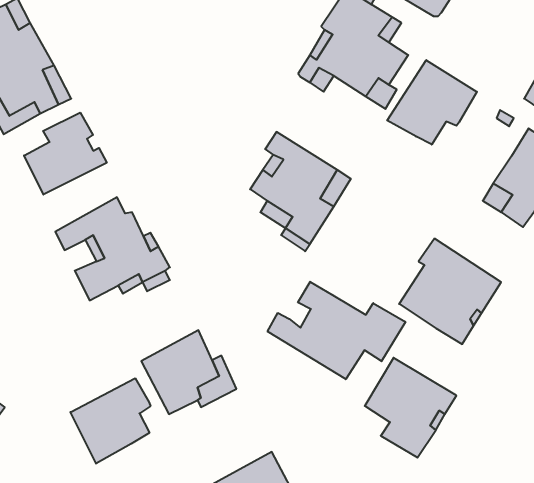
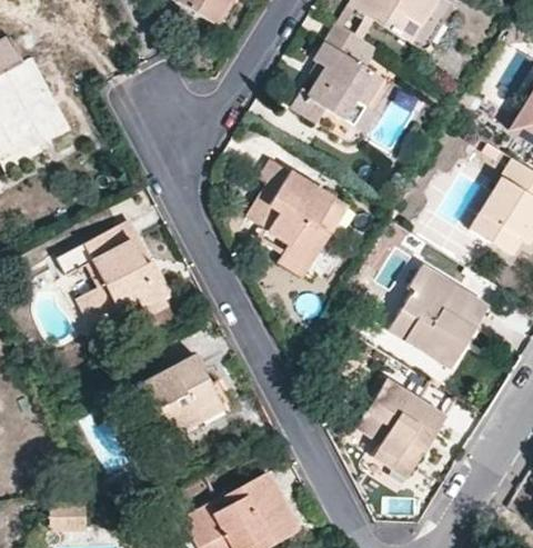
building: [387,60,477,145] -> none
building: [24,113,107,195] -> none
building: [268,282,405,379] -> none
building: [70,378,150,464] -> none

